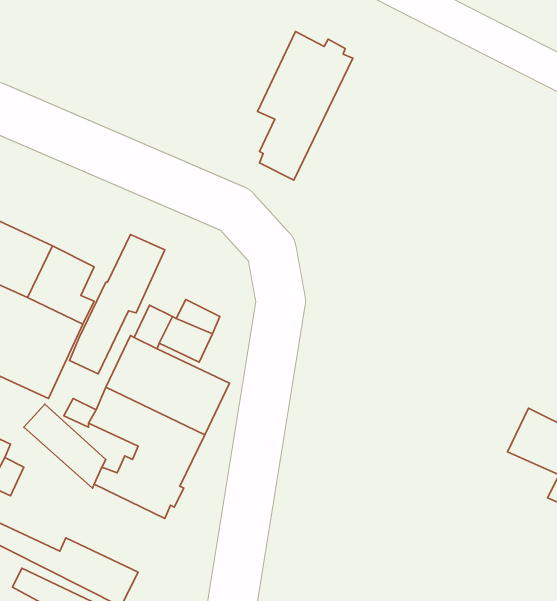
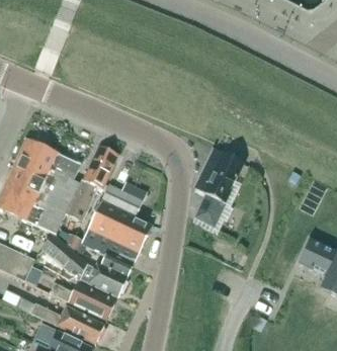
building: [258,31,353,180] -> [192,149,243,228]
building: none -> [48,281,113,320]

